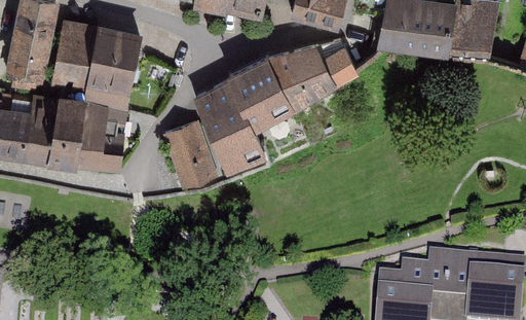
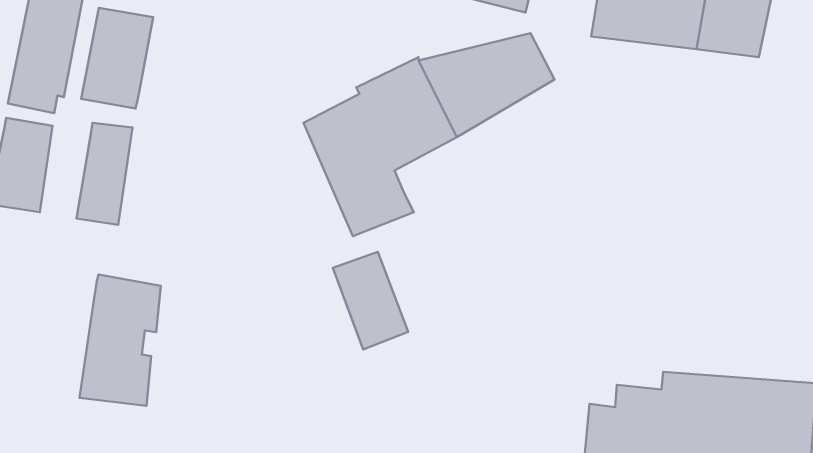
building: [89,31,141,87] -> none
building: [76,85,128,170] -> [79,275,161,406]
building: [26,101,59,161] -> none
building: [166,125,215,187] -> [333,252,408,349]

